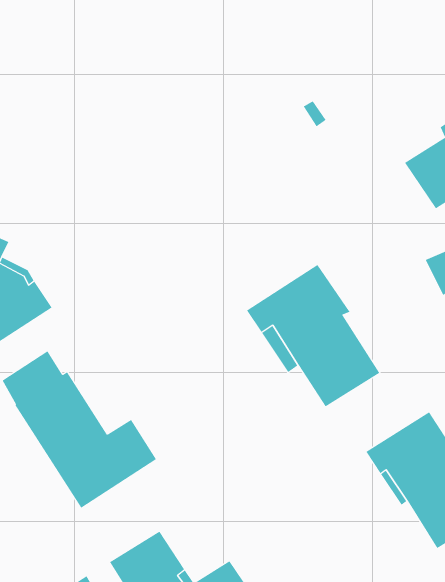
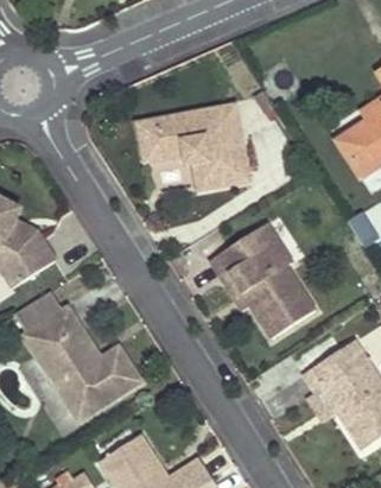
building: none -> [138,104,248,189]

